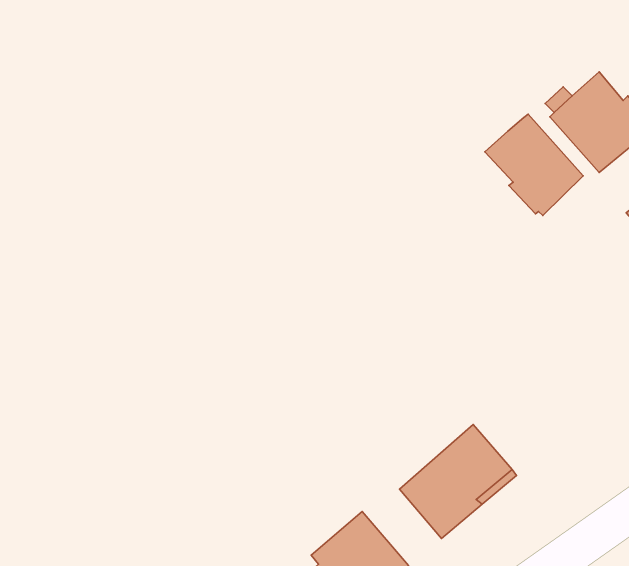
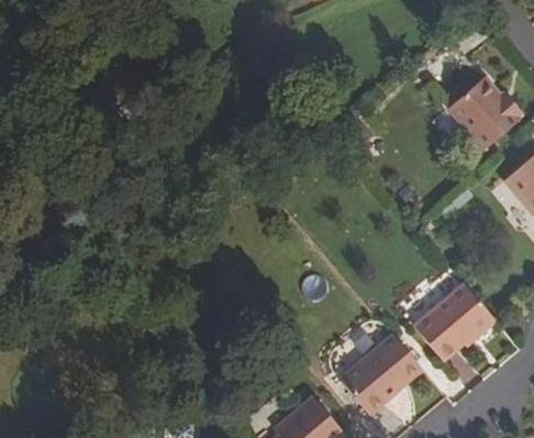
building: [485,114,583,216] -> none
building: none -> [413,285,494,359]

